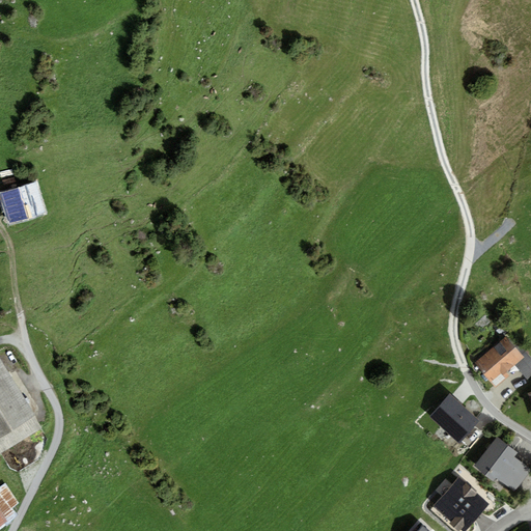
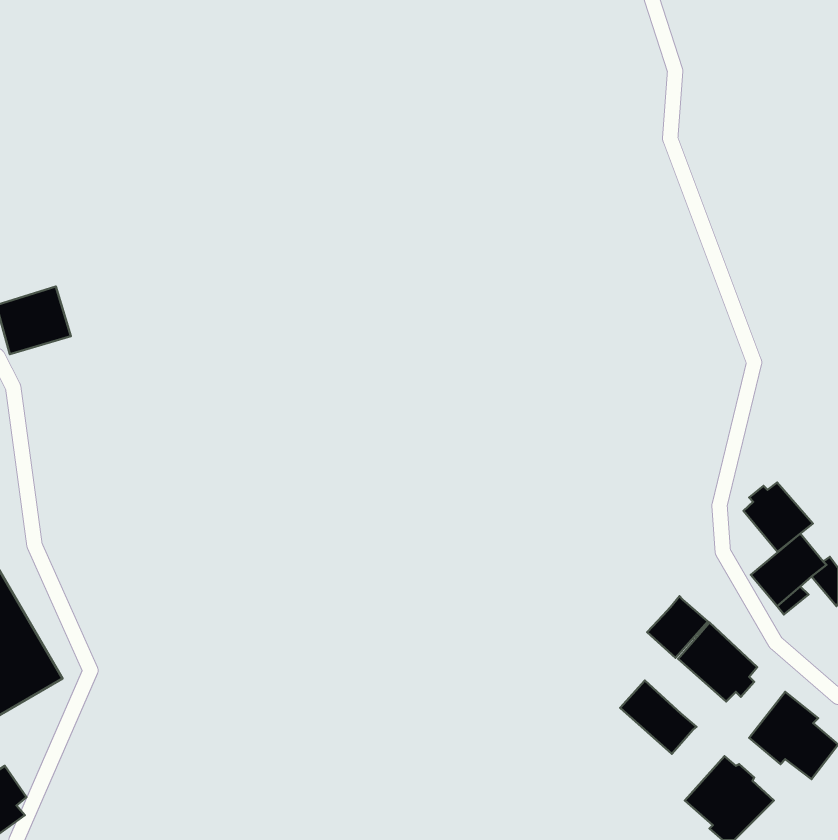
building: none -> [743,482,813,552]
building: none -> [647,596,708,658]
building: none -> [620,681,696,754]

